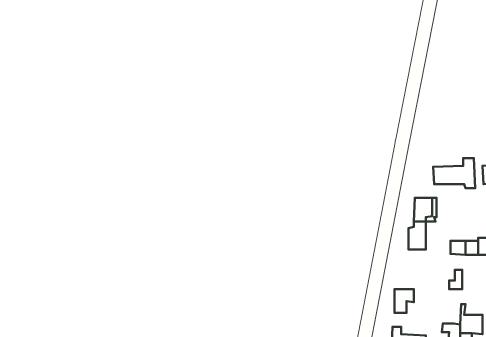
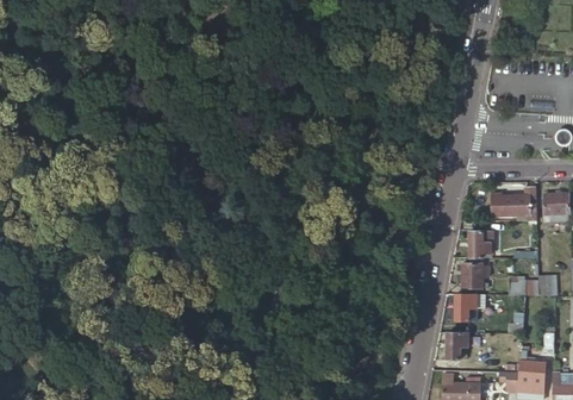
building: none -> [456,293,486,320]

